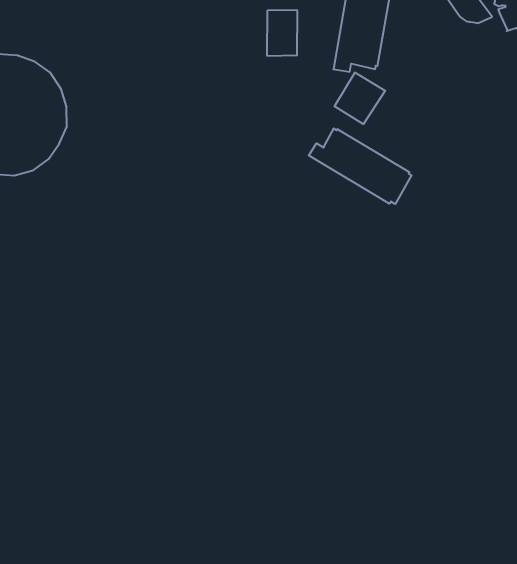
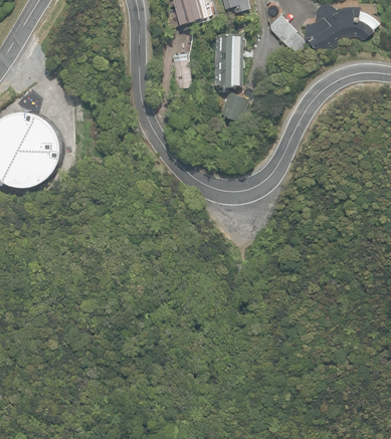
building: [309,128,411,204] -> none

